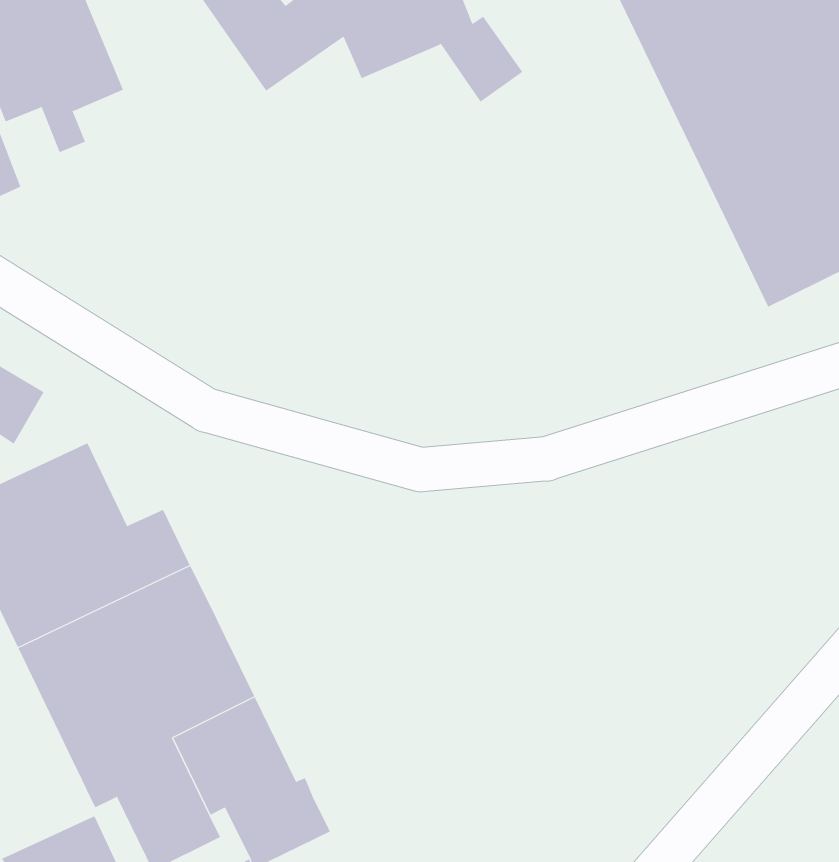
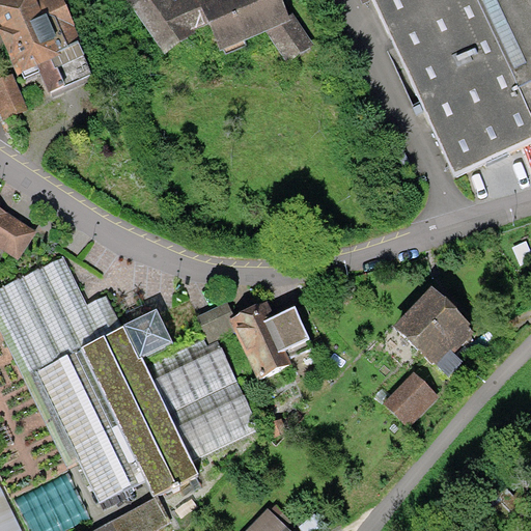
building: none -> [391,289,470,381]
building: none -> [195,299,297,380]
building: none -> [122,311,169,358]
building: none -> [143,340,259,462]
building: none -> [387,372,439,426]

